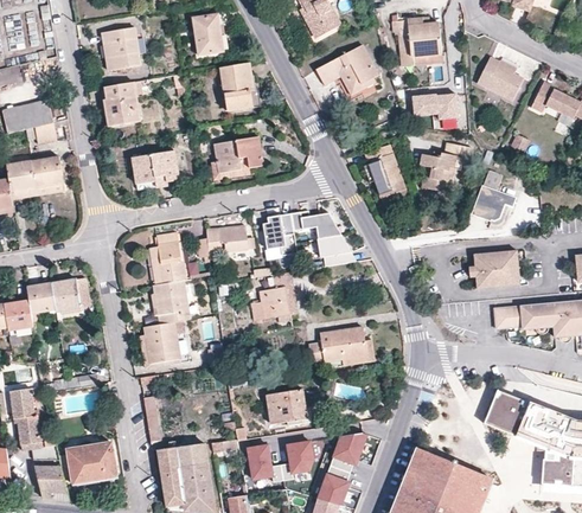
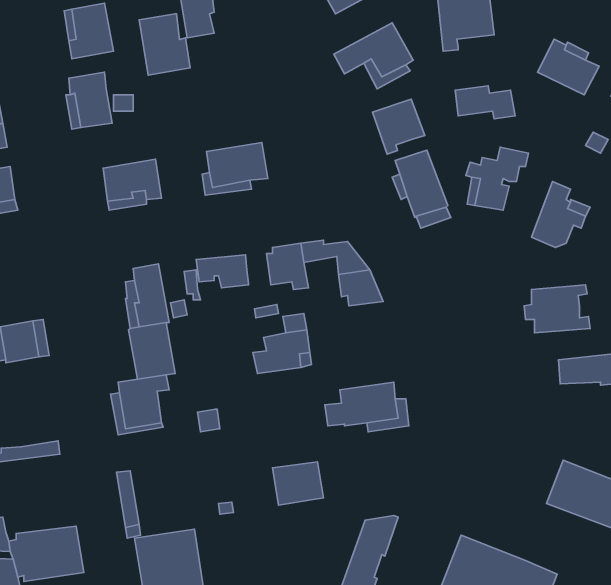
building: [220,63,261,111] -> [139,14,190,75]
building: none -> [372,99,425,154]
building: [248,440,313,481] -> none

